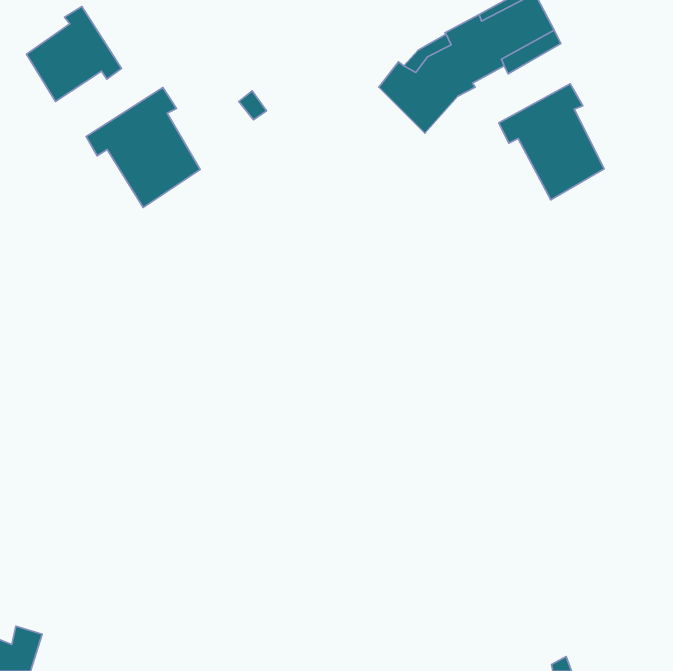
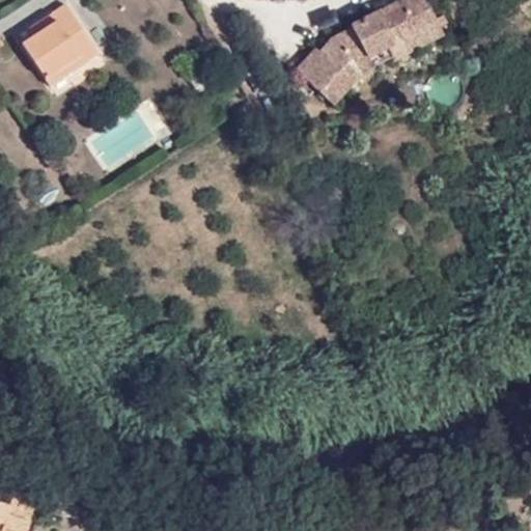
building: [499,84,604,200] -> none
building: [86,88,200,208] -> none

